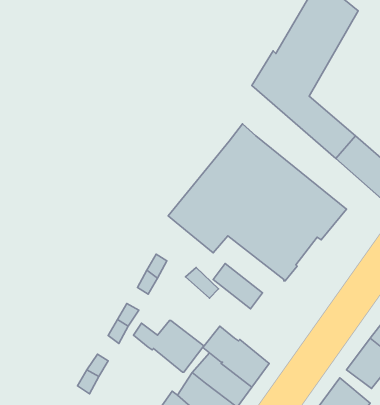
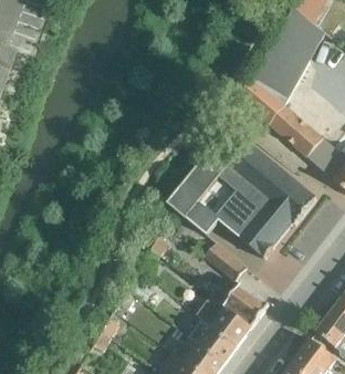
building: [133,320,204,372] -> [210,283,269,326]

